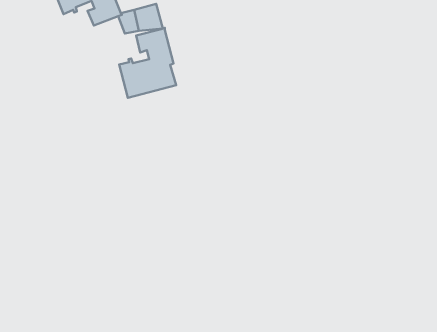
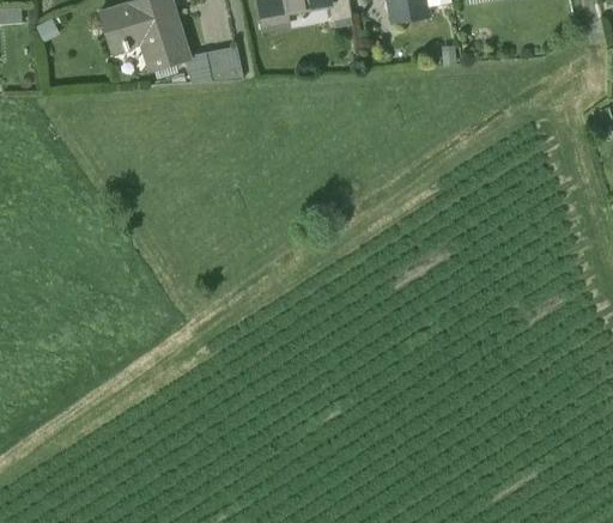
building: [119,28,176,98] -> none

